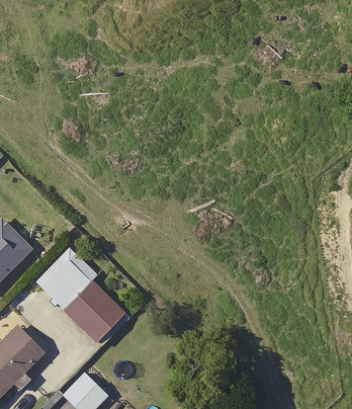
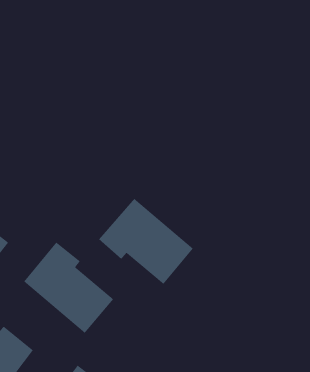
building: none -> [98,198,194,285]

